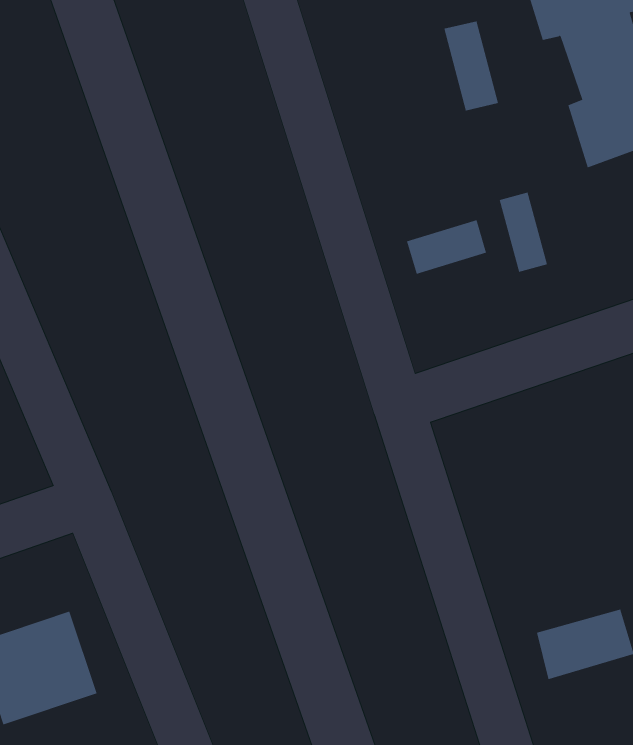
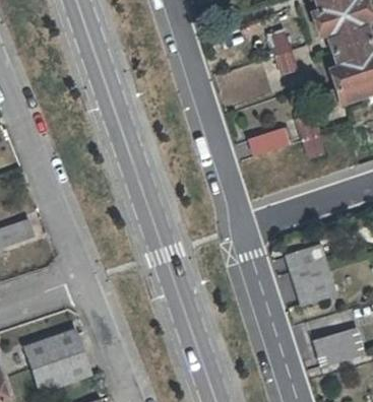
building: none -> [286,242,334,300]

